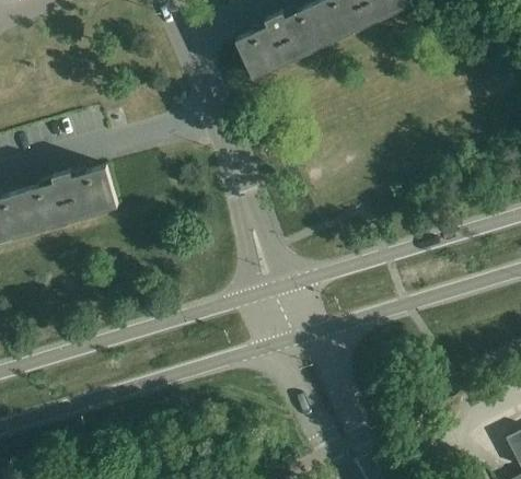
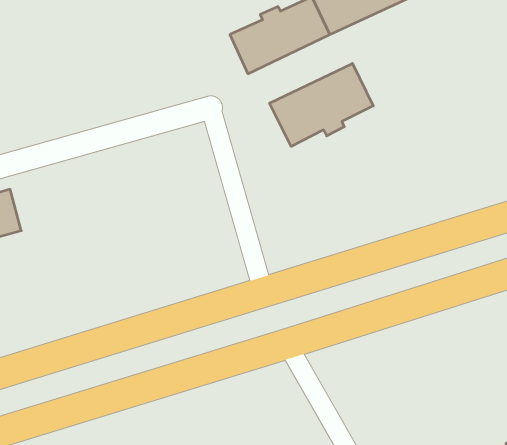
building: none -> [270,63,373,146]
building: [22,166,118,231] -> none

